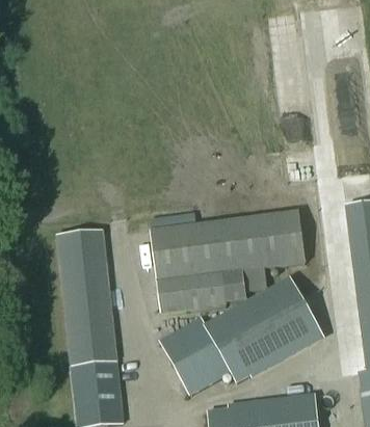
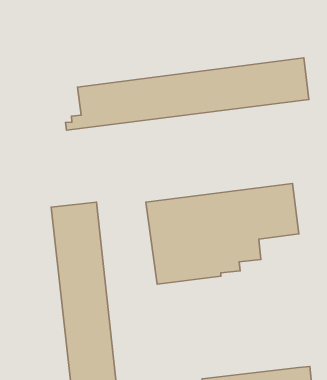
building: none -> [66,58,309,130]
building: [160,277,322,393] -> none

